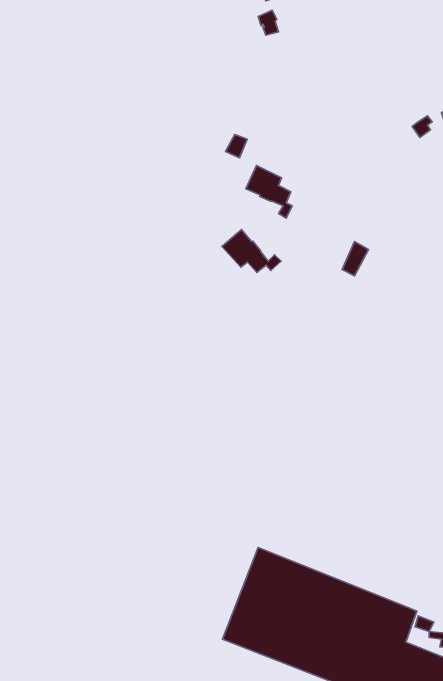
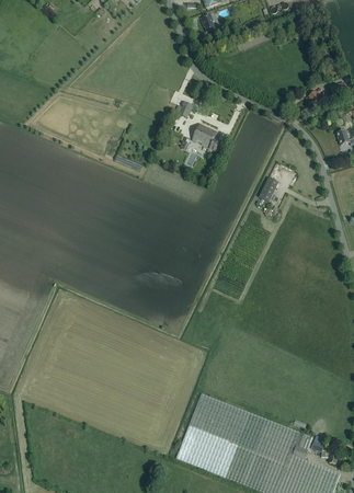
building: [222,230,281,273] -> none

